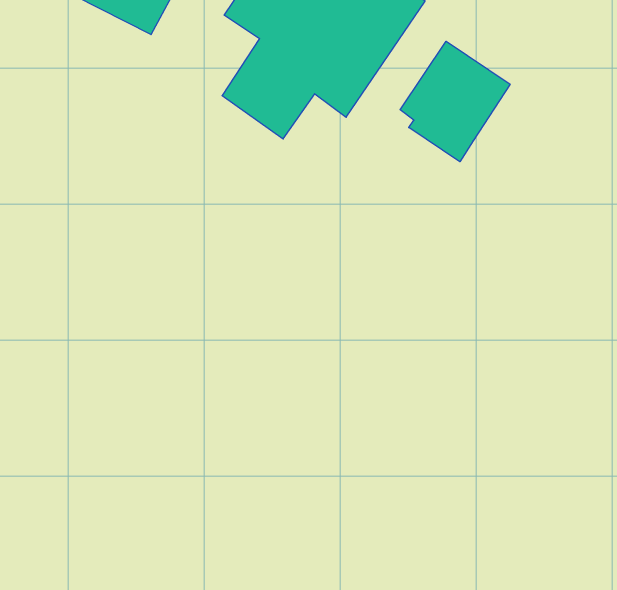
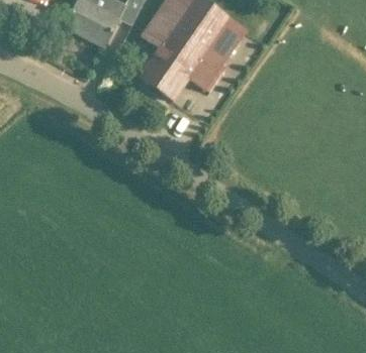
building: [400,41,510,162] -> none

